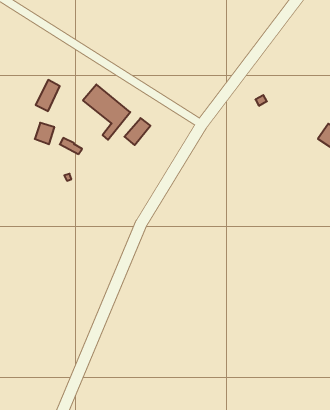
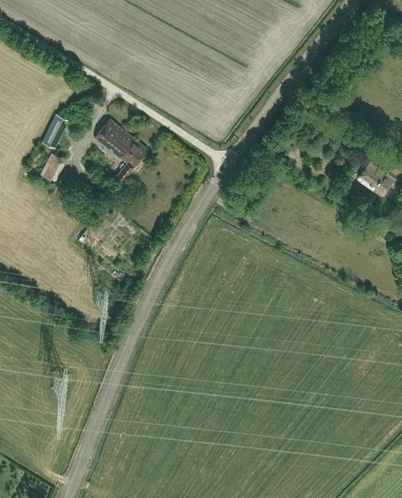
building: [124,118,150,145] -> none

